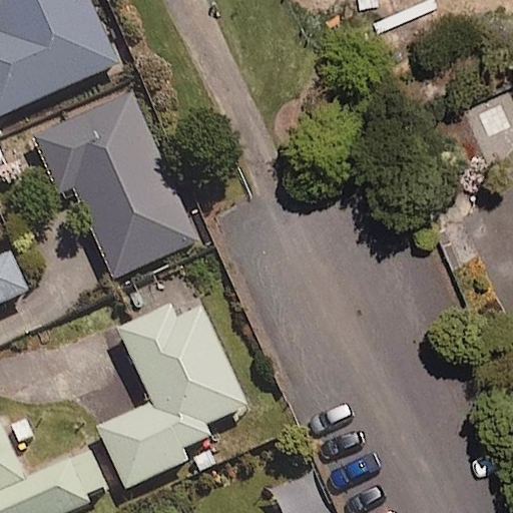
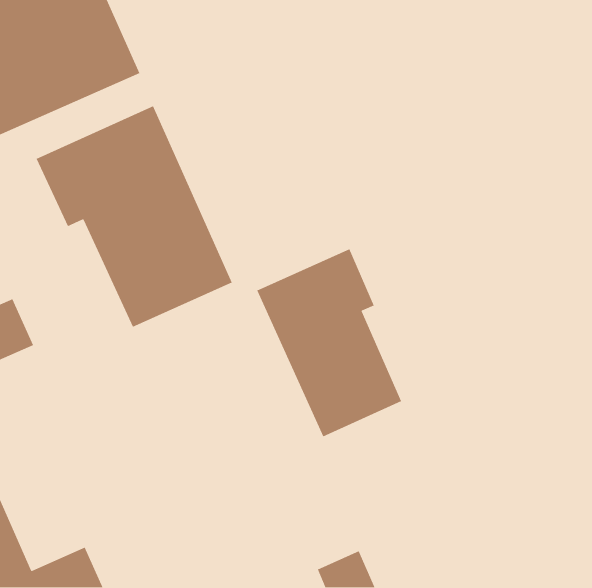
building: none -> [256,248,402,437]
building: [96,305,248,488] -> none

